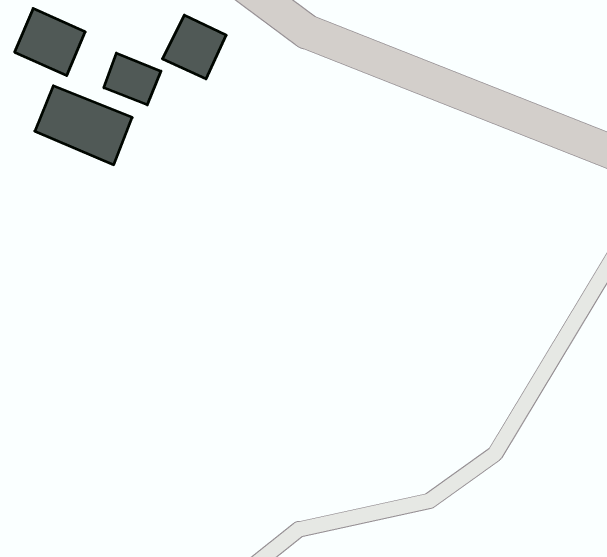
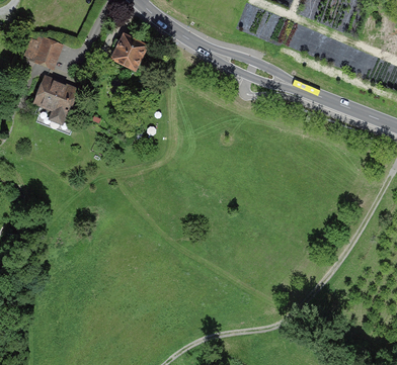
building: [104,53,161,105] -> none

